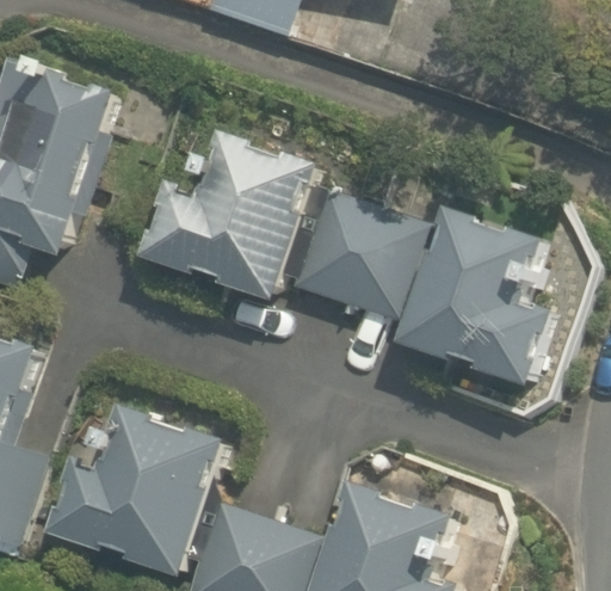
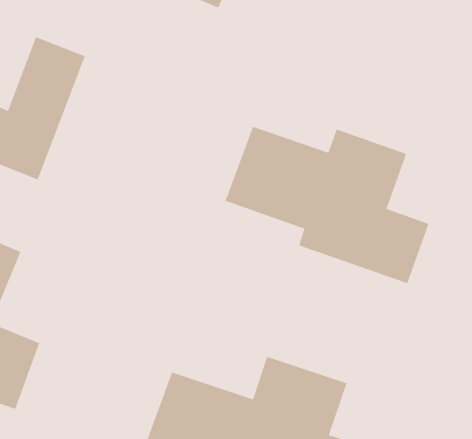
building: [134,137,311,298] -> none
building: [44,401,220,575] -> none

